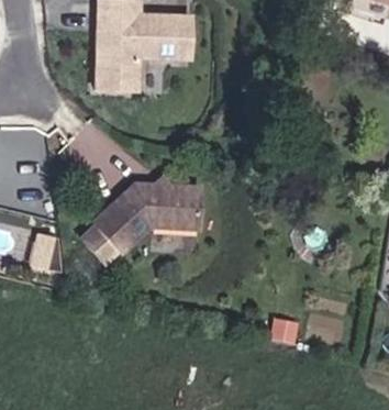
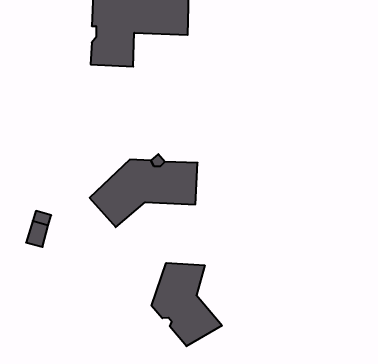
building: none -> [152,263,222,346]

